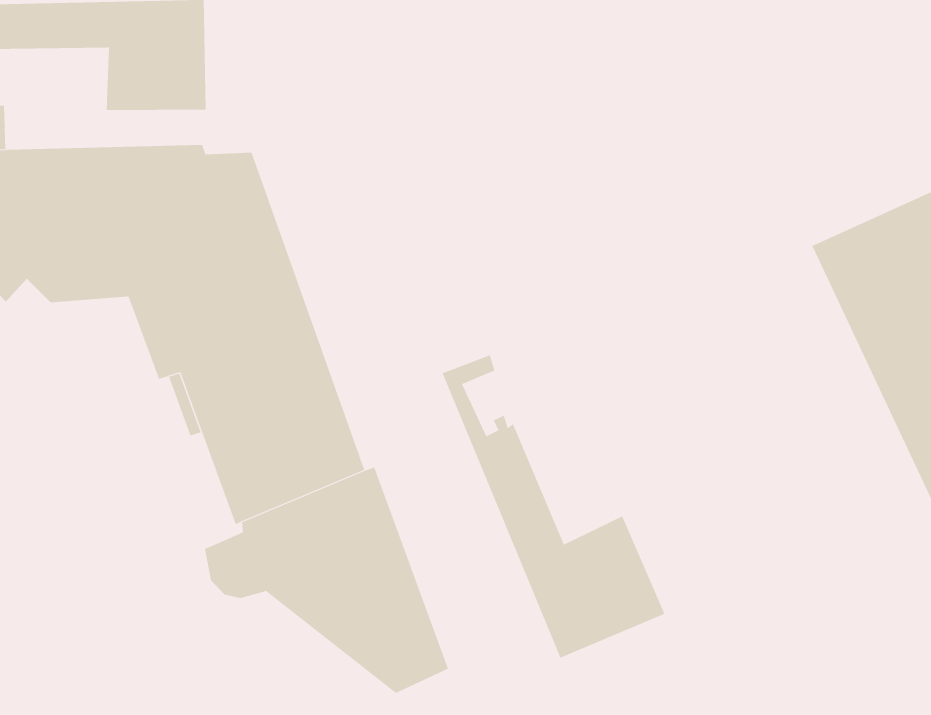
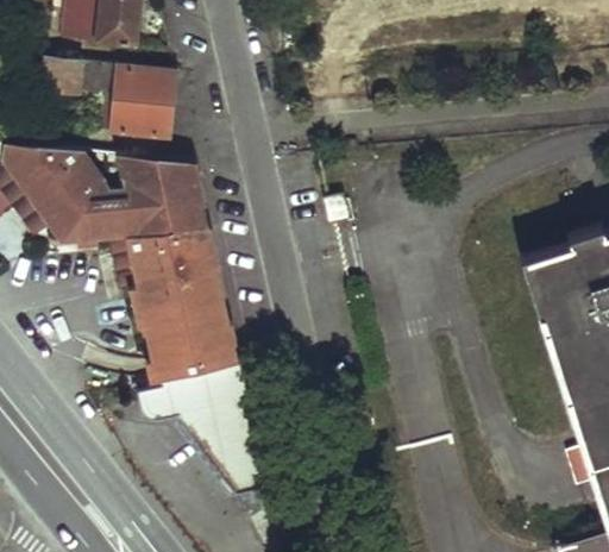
building: [442,354,665,658] -> none

